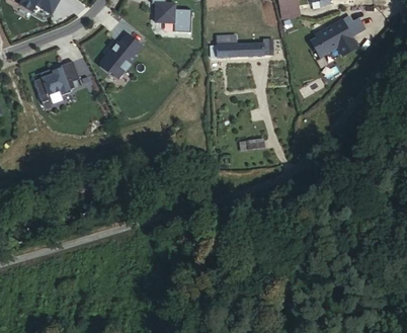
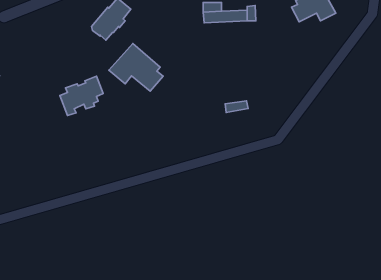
building: [33,59,79,100] -> [60,76,103,116]
building: none -> [109,43,163,91]

